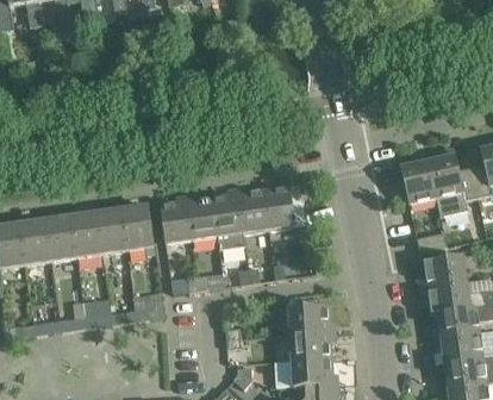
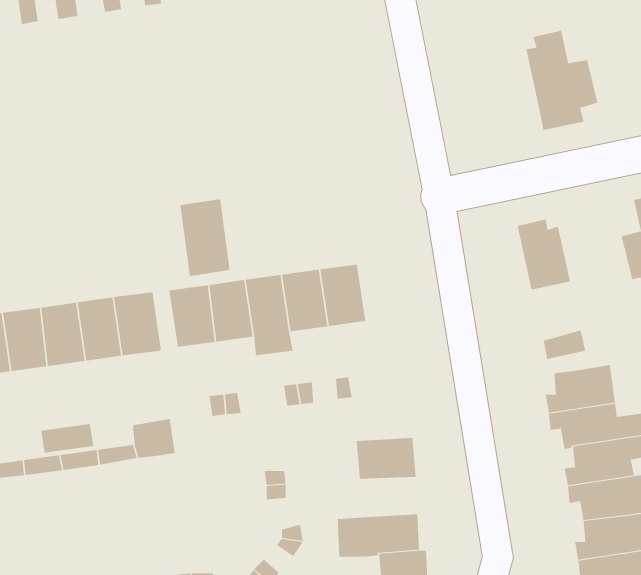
building: none -> [180,198,230,277]
building: [428,146,478,215] -> [525,30,598,131]
building: [291,332,331,360] -> none

